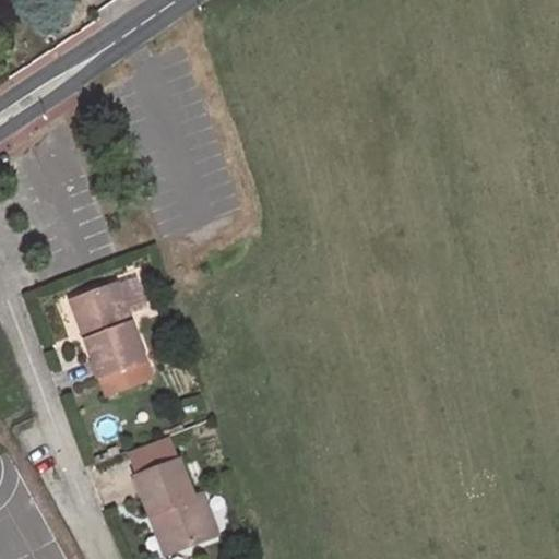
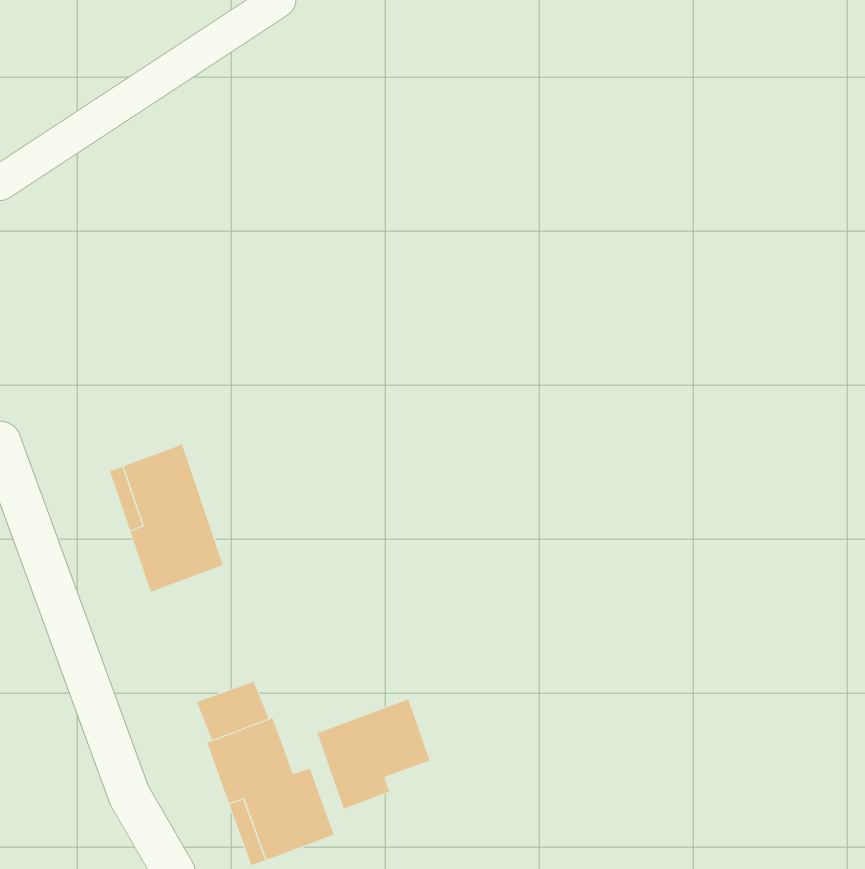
building: none -> [317,699,430,810]

